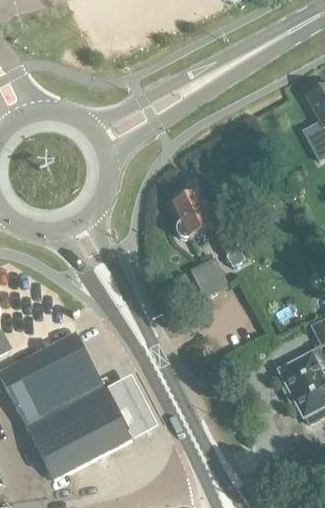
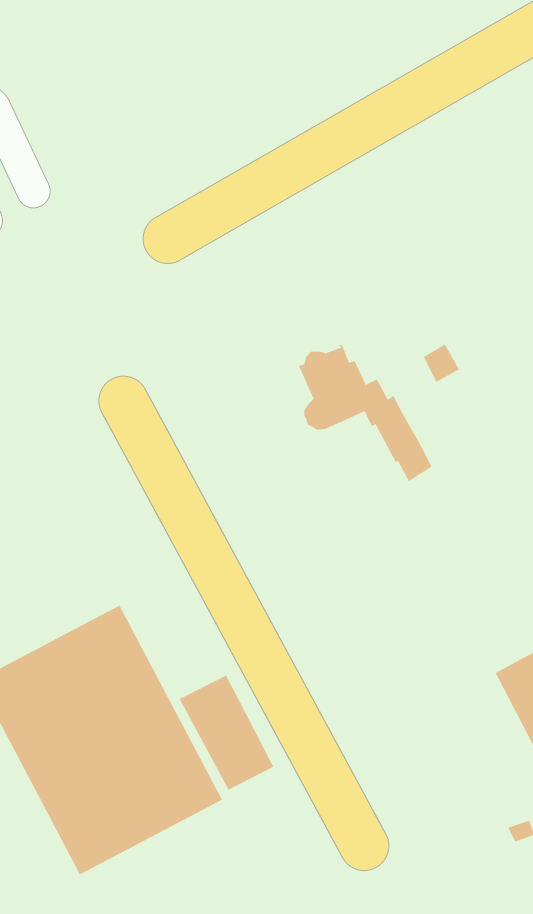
building: [189,255,229,298] -> none

